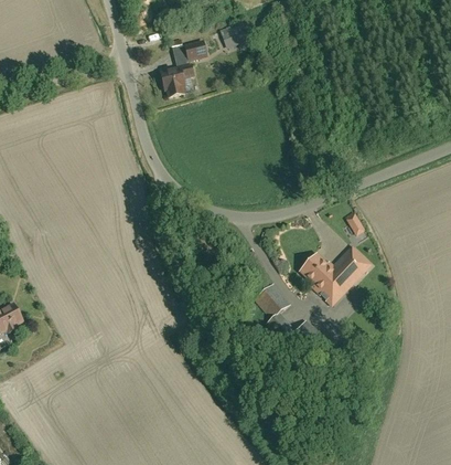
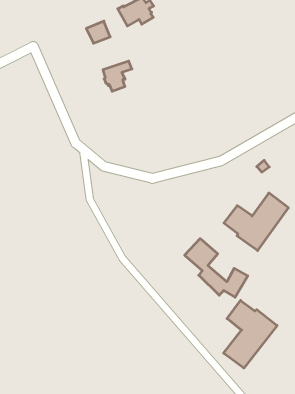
building: [161,66,192,96] -> [103,61,132,91]
building: none -> [224,300,277,368]

